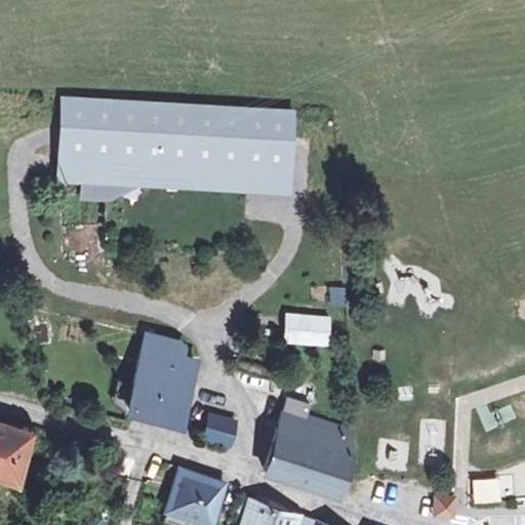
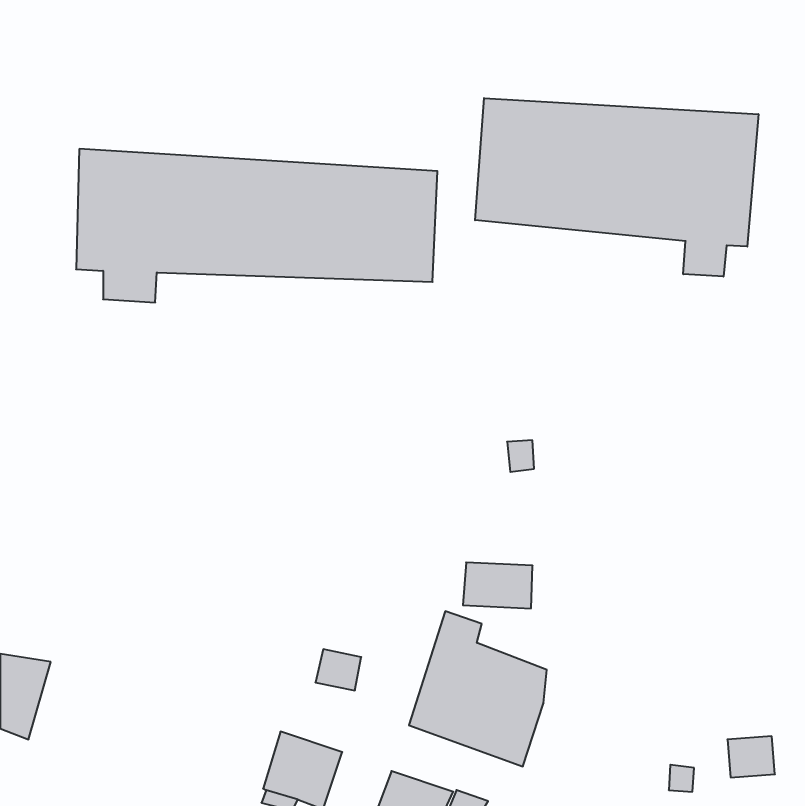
building: none -> [475,98,758,277]
building: [277,312,322,341] -> [463,562,533,608]
building: [135,338,198,421] -> none

